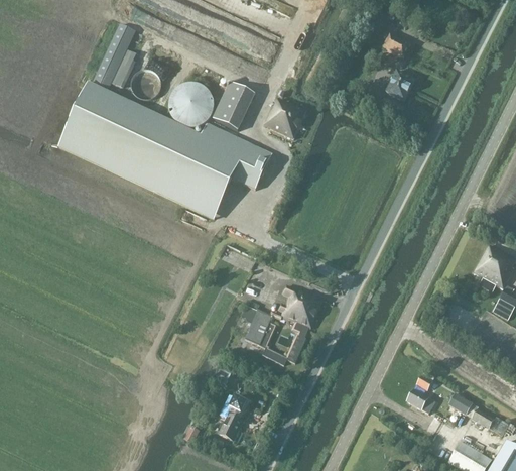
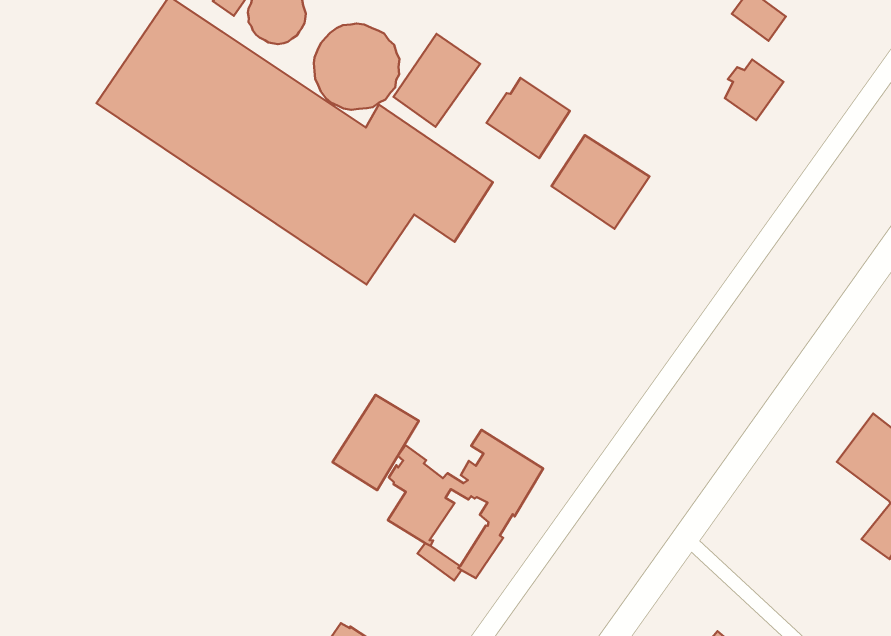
building: none -> [552,135,649,229]
building: none -> [333,395,419,490]

